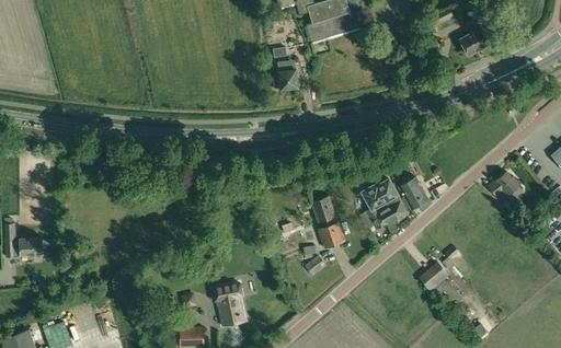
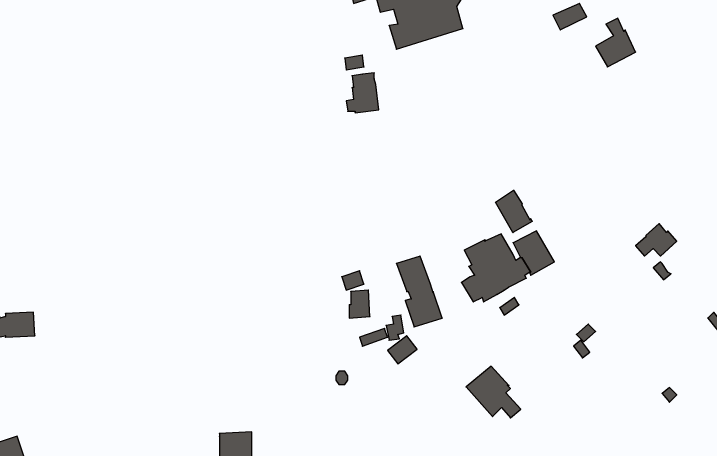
building: none -> [496,190,532,233]
building: [419,263,459,301] -> [466,366,521,418]
building: [211,283,247,327] -> none

